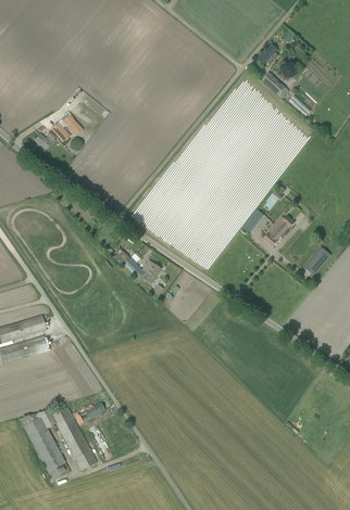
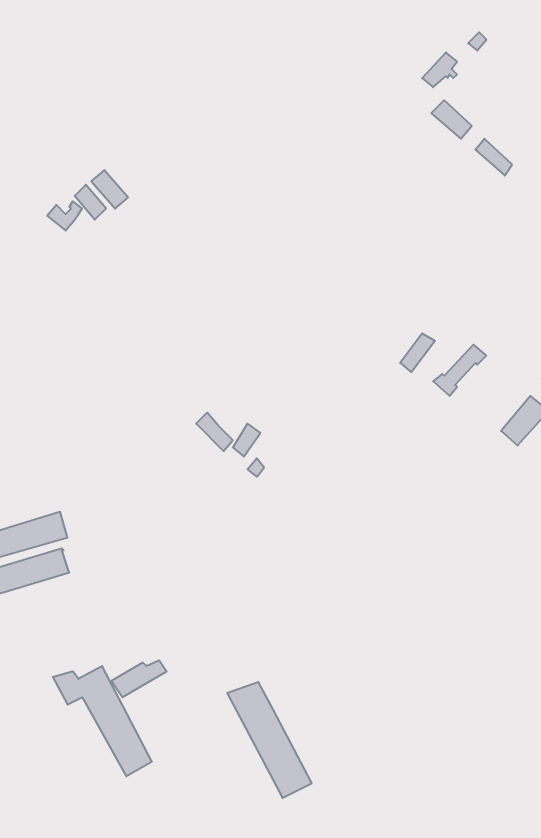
building: [20,411,70,480] -> [227,682,312,798]

